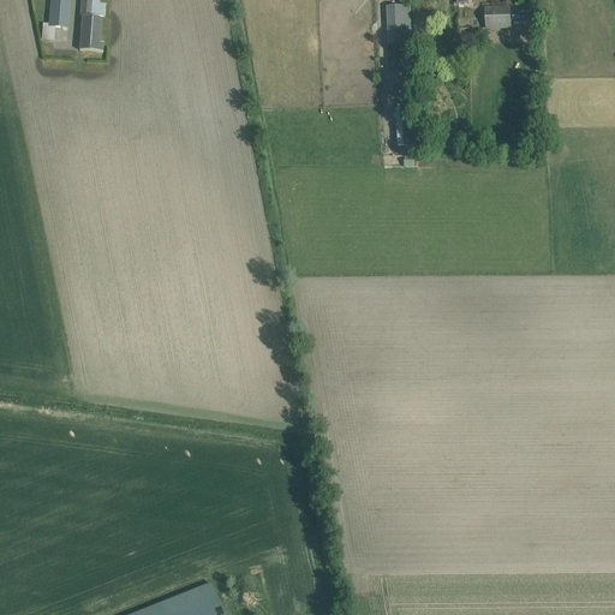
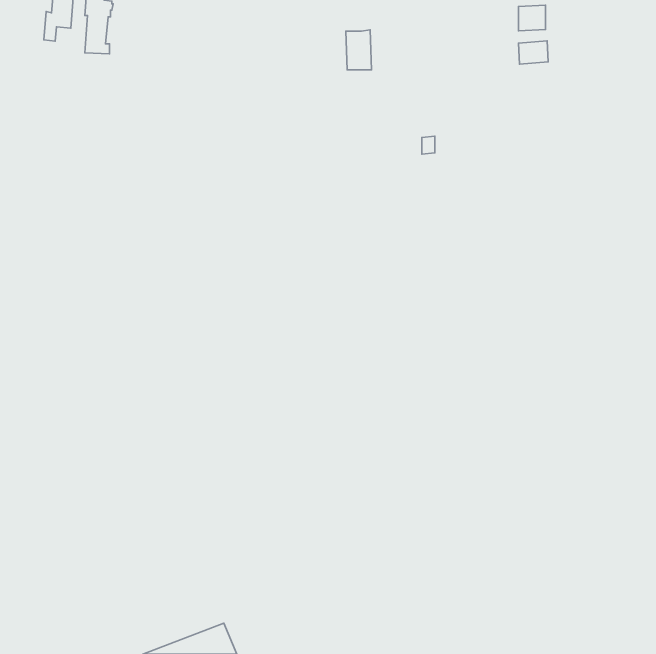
building: [387,5,411,42] -> [346,30,372,70]
building: none -> [519,41,548,64]

